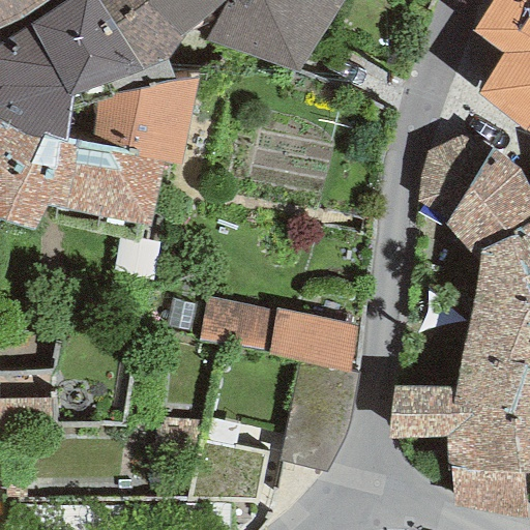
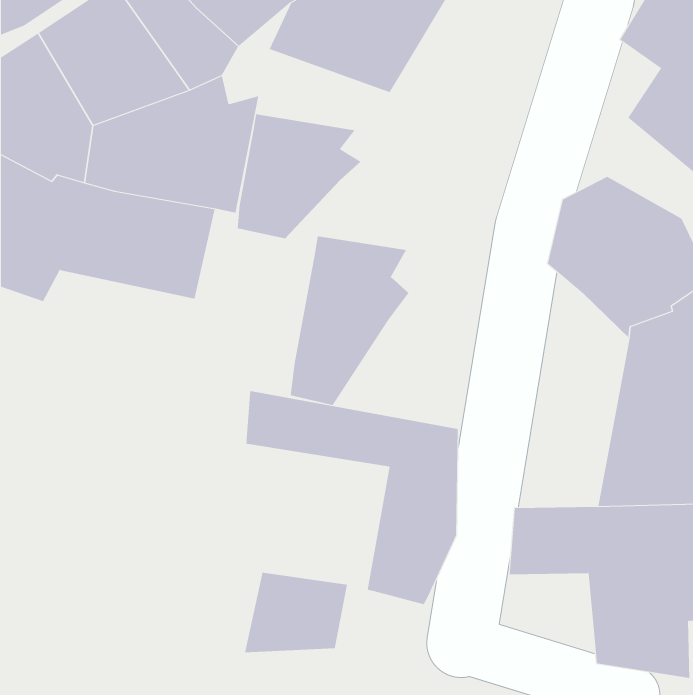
building: none -> [237,113,362,239]
building: none -> [290,235,409,406]

